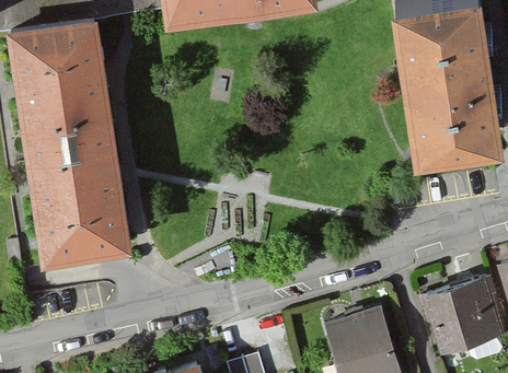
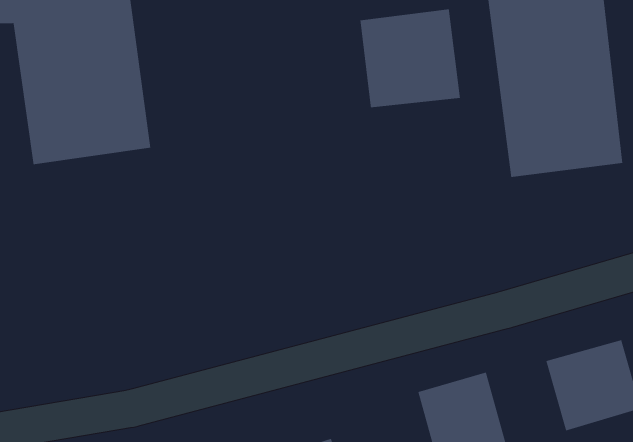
building: none -> [360,8,461,108]
building: [31,141,138,268] -> none

